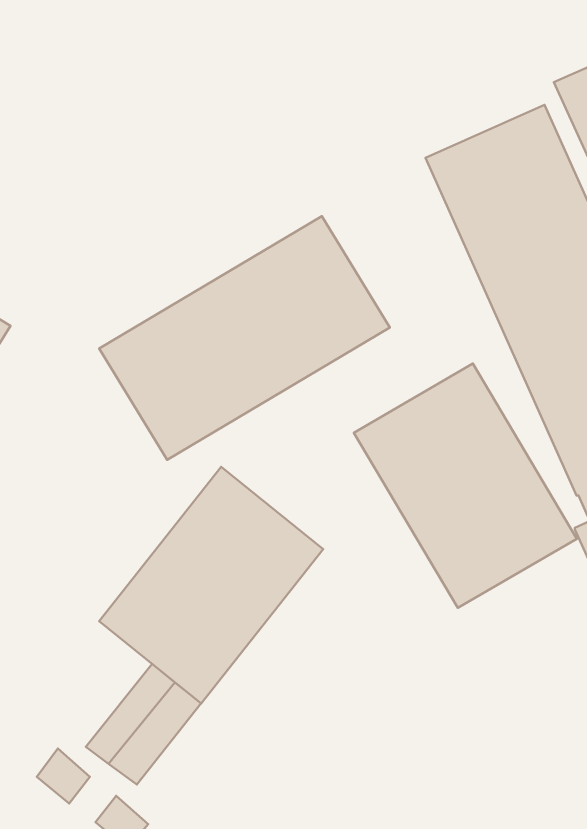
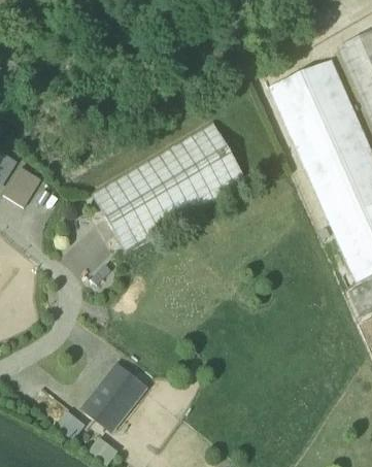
building: [354,364,577,608] -> none
building: [99,467,323,703] -> none

